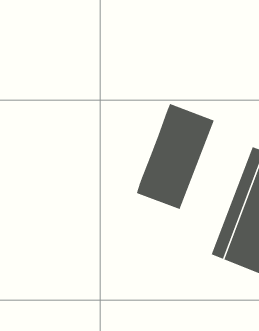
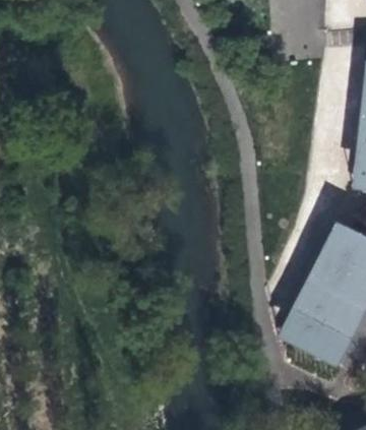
building: [136,103,214,210] -> none

